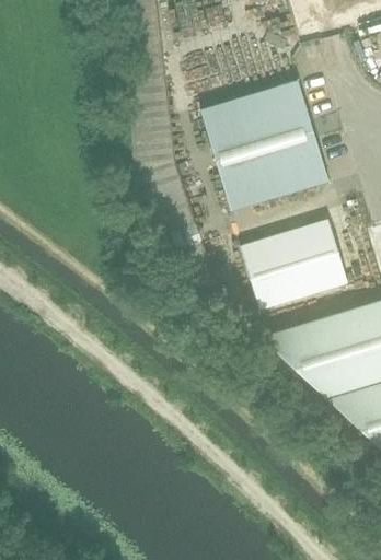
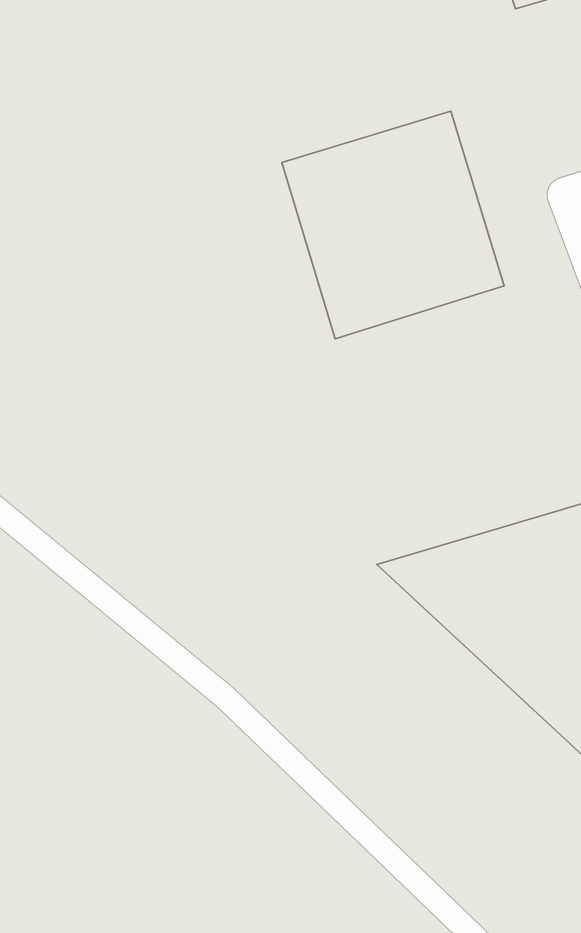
building: [242,219,348,308] -> none

